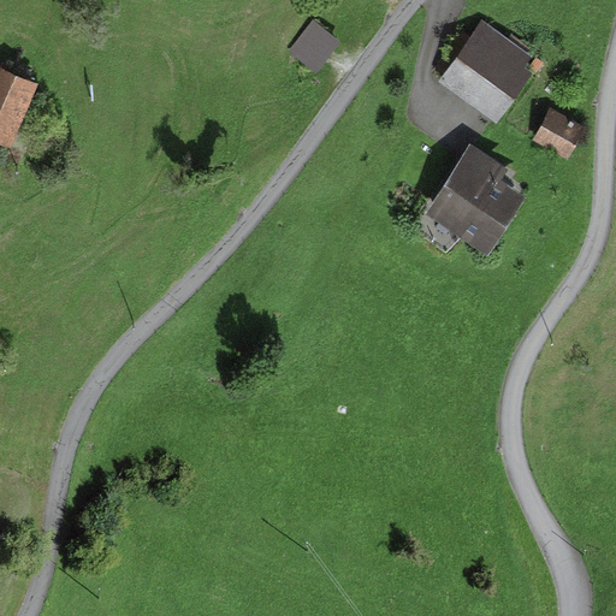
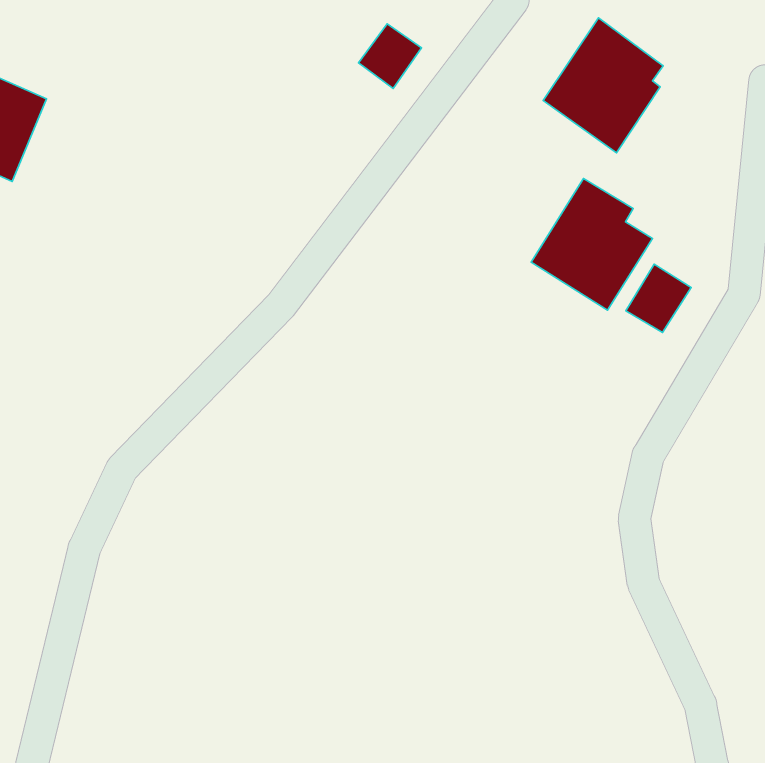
building: [533,108,585,158] -> none
building: none -> [626,264,691,332]

